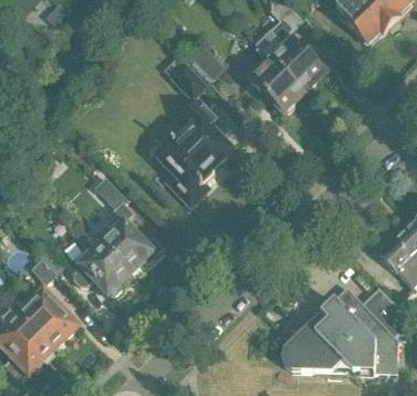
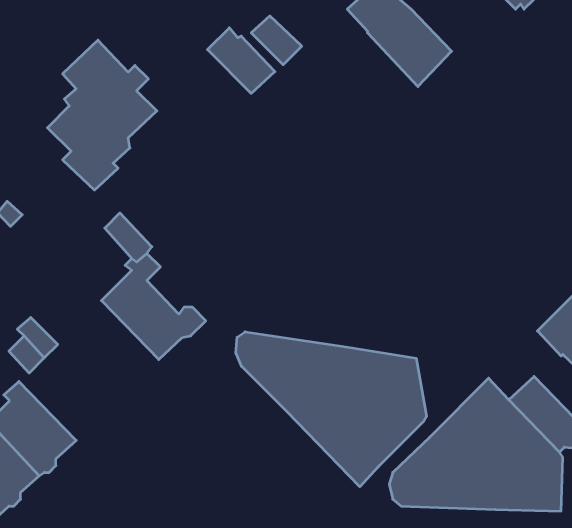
building: [245,57,301,112] -> none
building: [159,102,231,201] -> [47,40,157,190]
building: [68,217,130,295] -> none
building: none -> [236,332,427,487]

